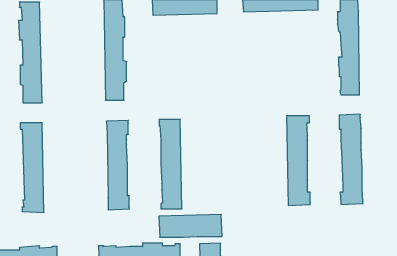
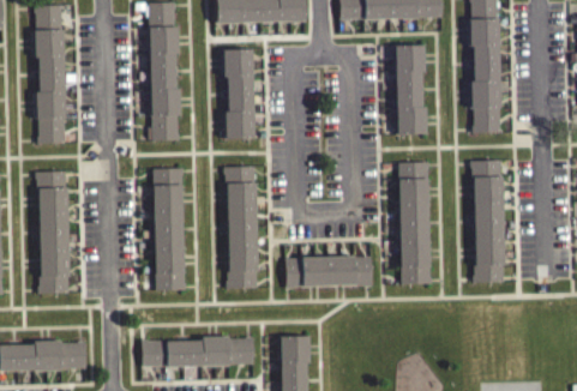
building: none -> [396,46,427,134]
building: none -> [223,49,254,139]
building: [159,214,222,237] -> [287,257,373,288]

